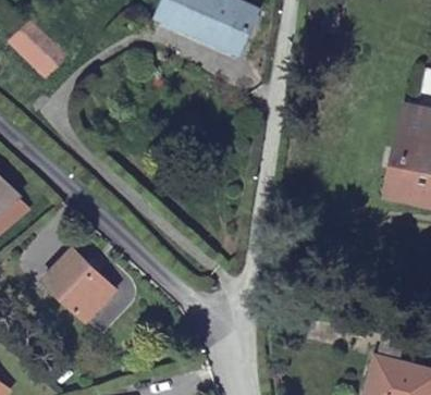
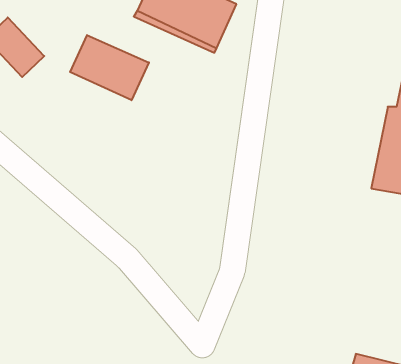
building: none -> [70,35,149,100]
building: [42,249,112,322] -> none

